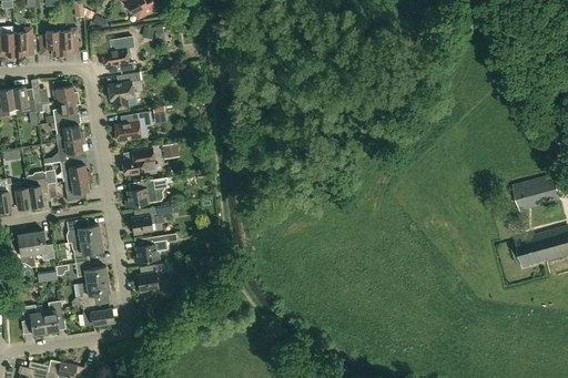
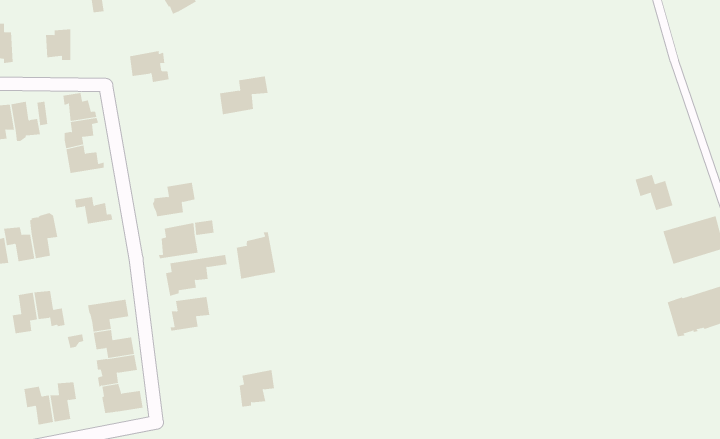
building: [13,28,34,57] -> none
building: [59,29,79,55] -> none
building: [108,72,140,109] -> none
building: [114,112,152,142] -> [219,76,268,115]
building: [58,137,85,162] -> none
building: none -> [635,174,673,211]
building: [64,177,92,202] -> none
building: none -> [236,232,276,280]
building: [67,219,101,243] -> none
building: [138,264,165,293] -> [239,370,275,407]

